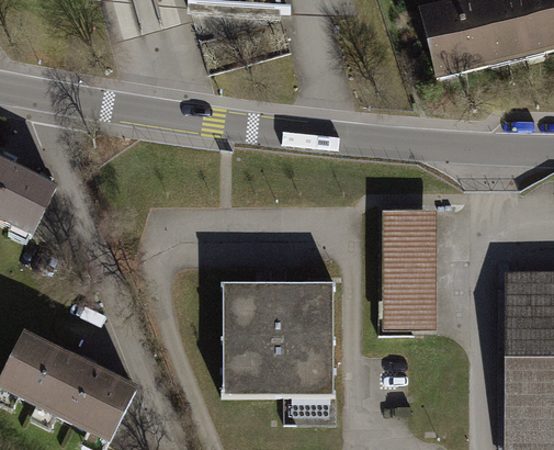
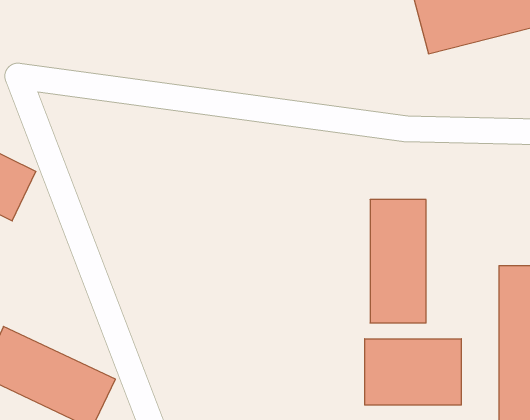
building: [221,283,335,395] -> none
building: none -> [365,339,461,405]

